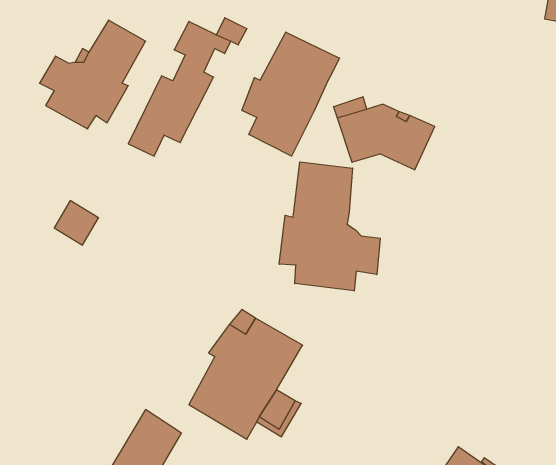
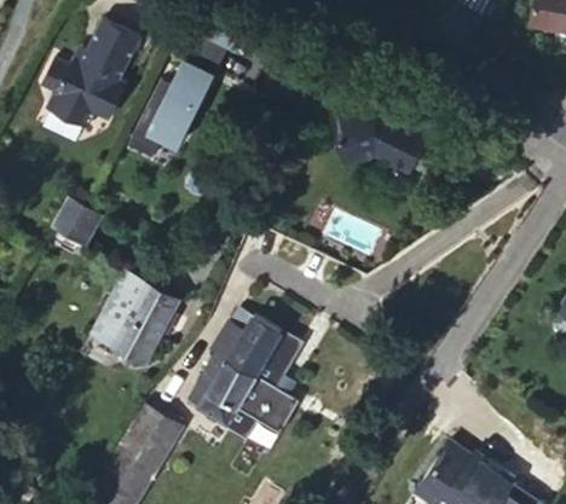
building: [242,32,340,156] -> none
building: [279,162,380,291] -> none
building: none -> [92,272,175,365]

